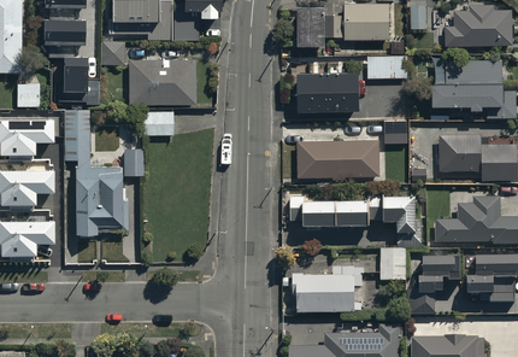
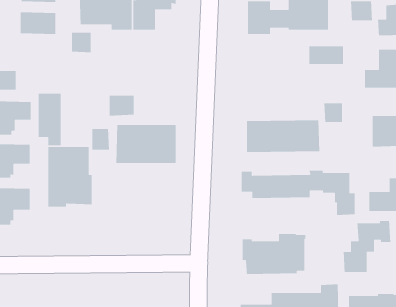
building: [63,55,88,90] -> none
building: [128,59,196,104] -> [115,124,177,164]
building: [298,71,360,111] -> none
building: [381,250,406,281] -> none

